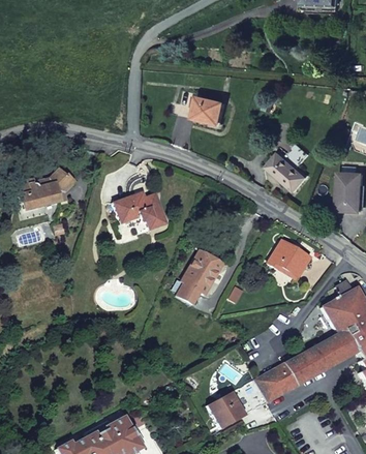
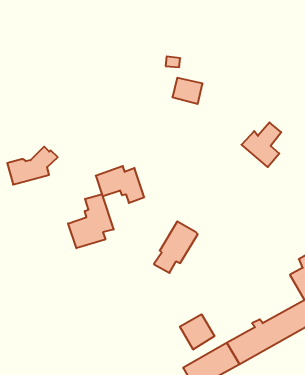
building: none -> [68,194,114,248]
building: [267,239,309,276] -> none
building: none -> [180,314,214,350]

